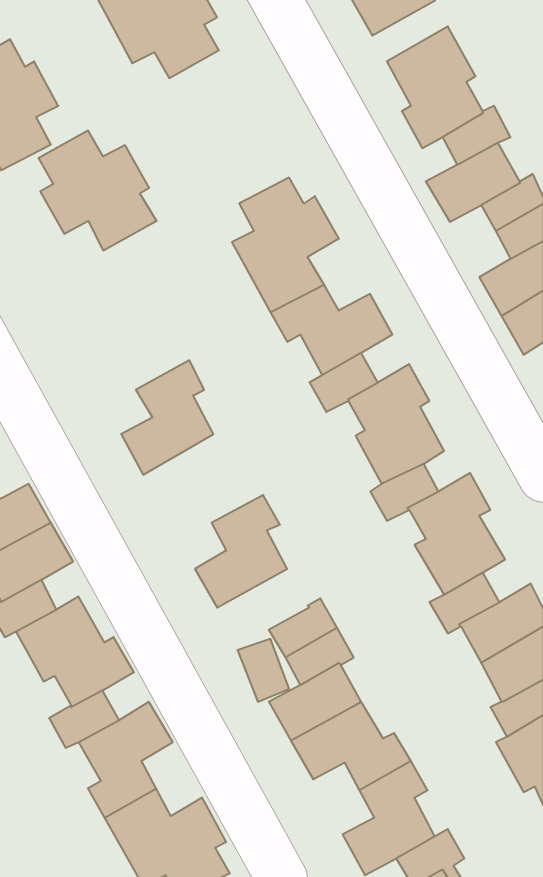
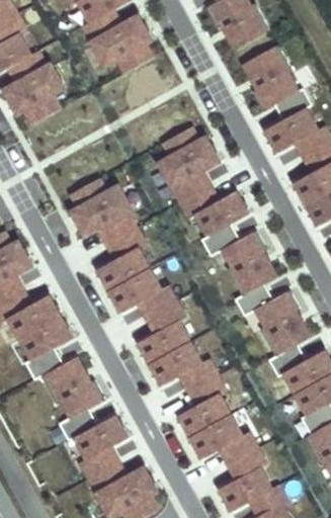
building: [38,131,157,250] -> [71,178,136,244]
building: none -> [110,268,176,317]
building: none -> [151,342,201,384]

